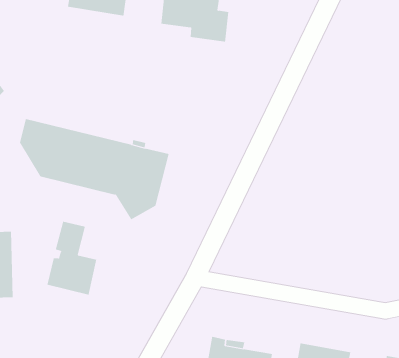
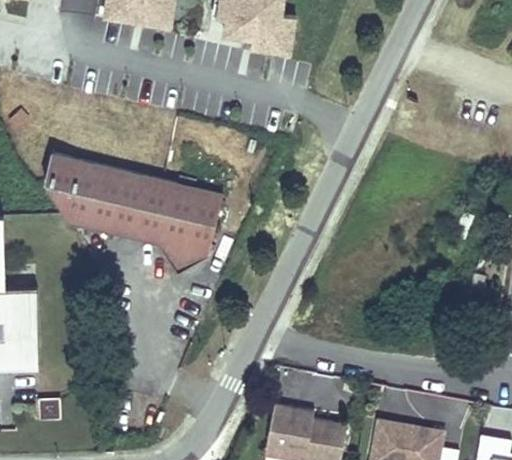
building: [47,221,97,295] -> none

